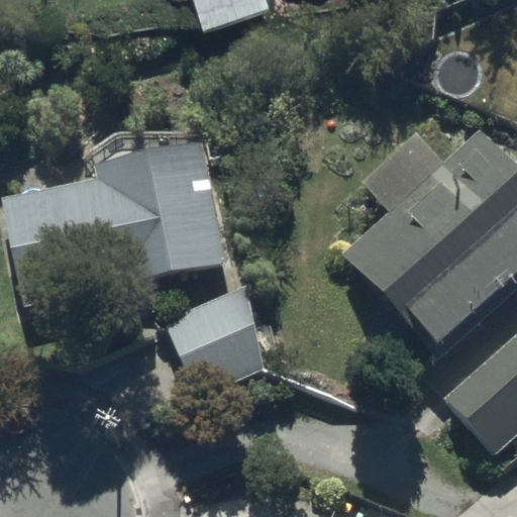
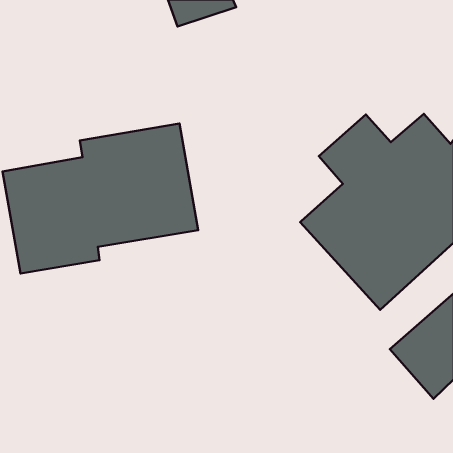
building: [162,282,265,399] -> none

